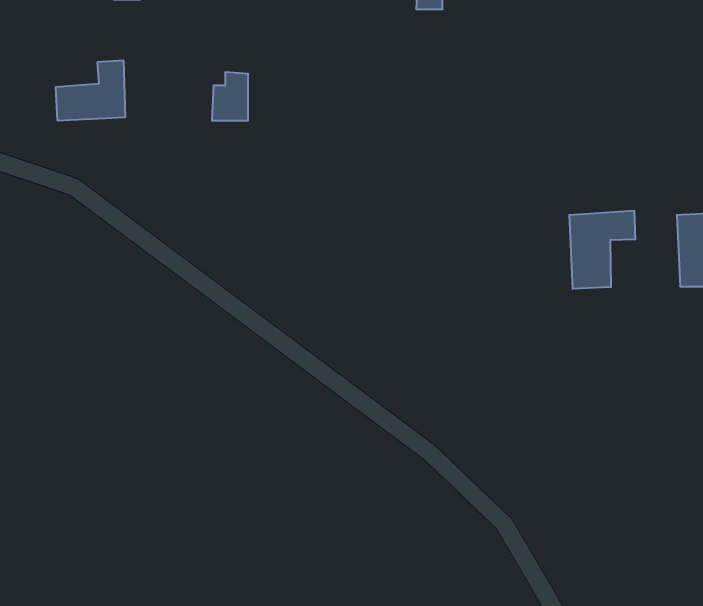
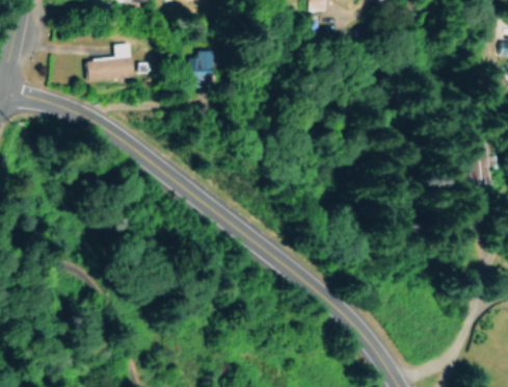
building: [569,211,635,289] -> none

